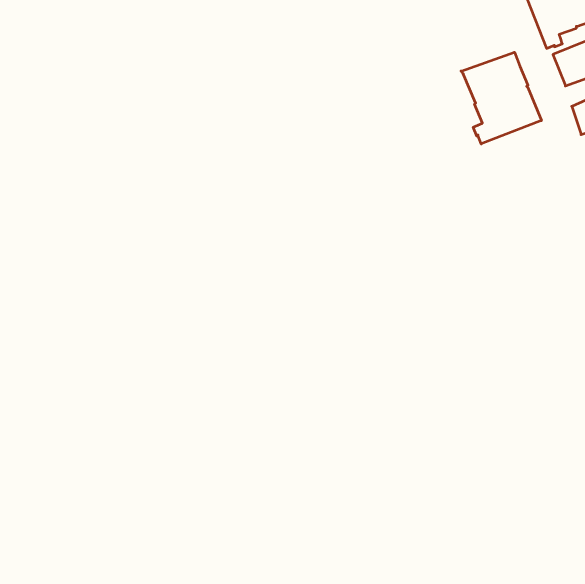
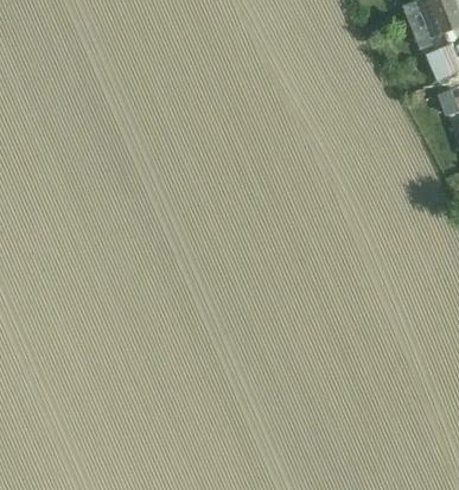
building: [461,52,541,144] -> none

